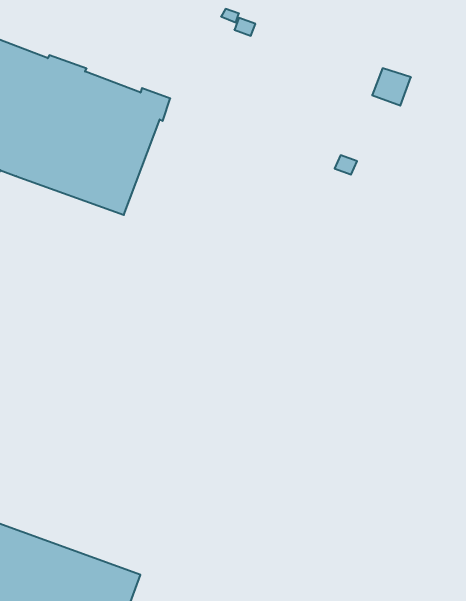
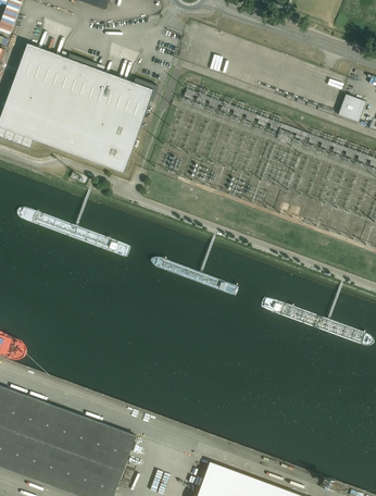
building: [372,68,411,106] -> [338,95,366,122]

